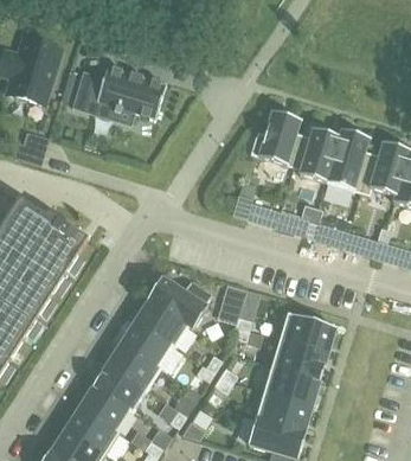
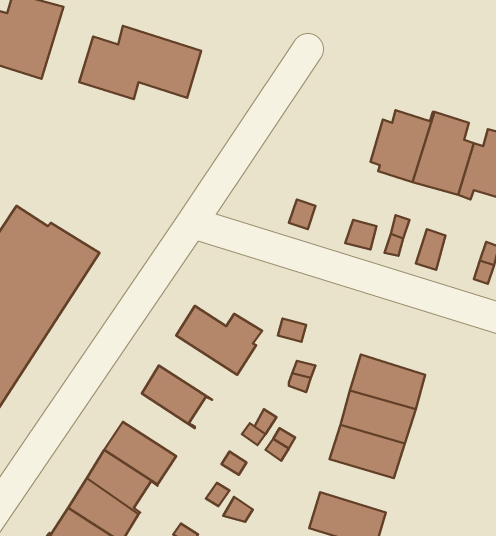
building: [249,111,302,167] -> none
building: [133,299,192,347] -> none
building: [105,342,160,390] -> none
building: [255,392,310,433] -> none

